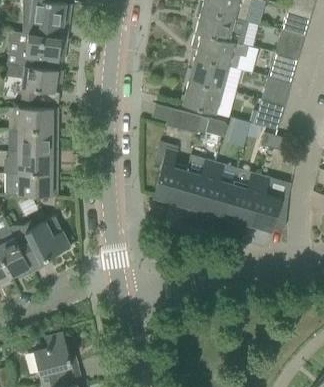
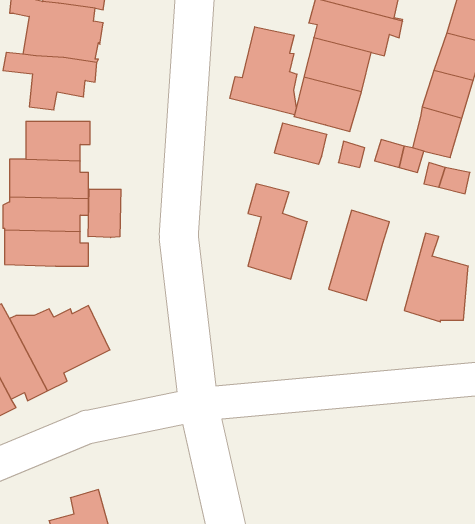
building: none -> [230,27,297,115]
building: none -> [88,189,121,238]
building: [180,156,217,210] -> none
building: [226,173,262,223] -> none

